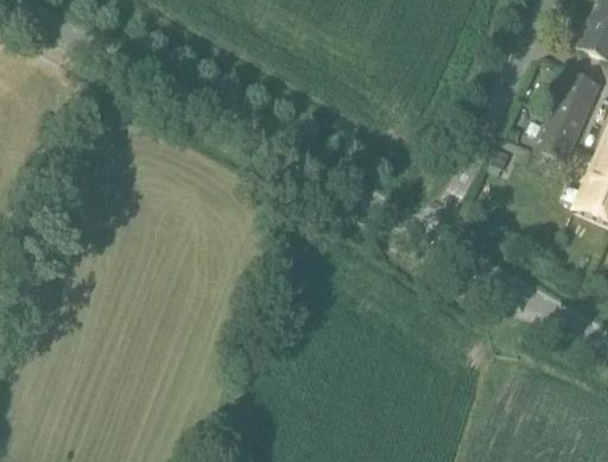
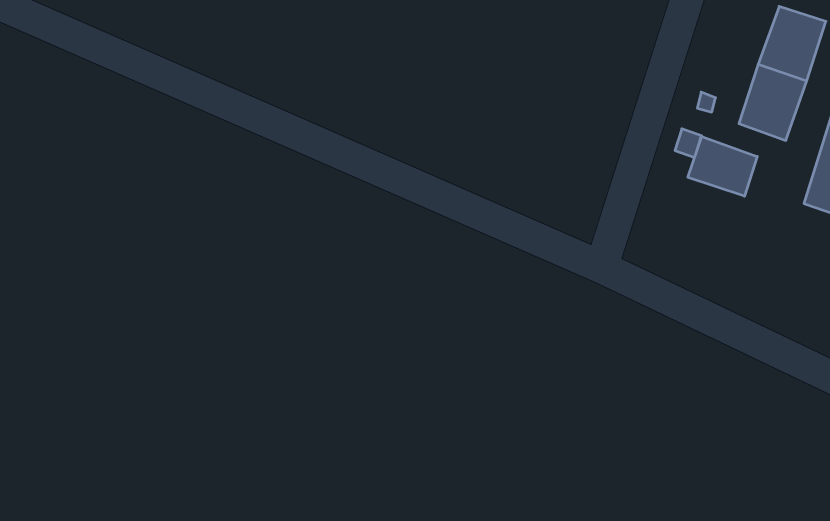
building: none -> [688,137,757,196]

